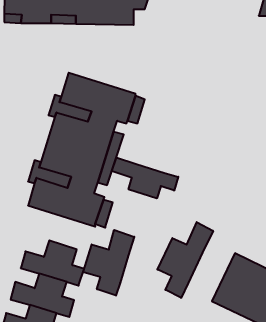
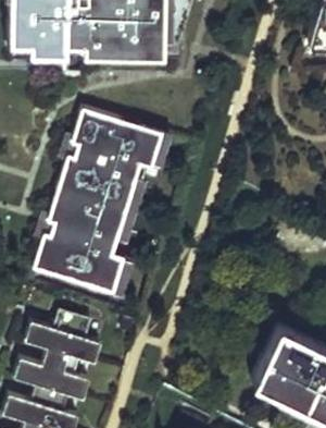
building: [112,158,178,198] -> none
building: [157,222,213,298] -> none
building: [83,230,134,296] -> none

